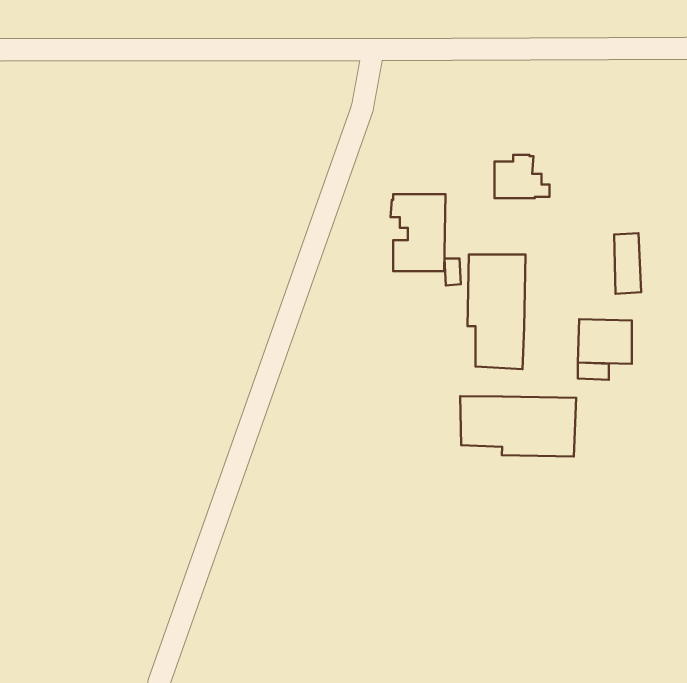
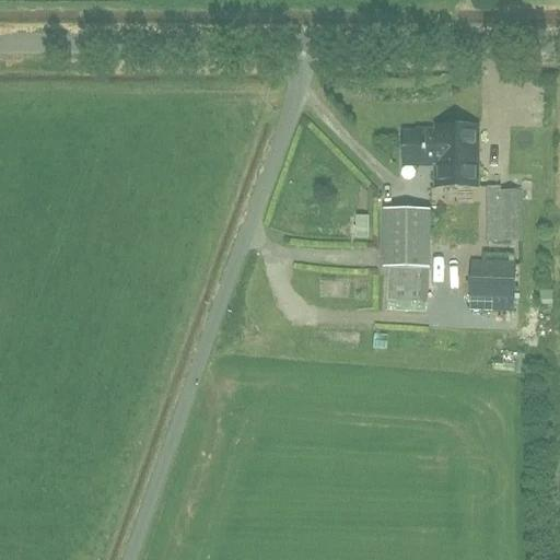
building: [390,194,446,271] -> [432,122,477,185]
building: [460,396,576,456] -> none

